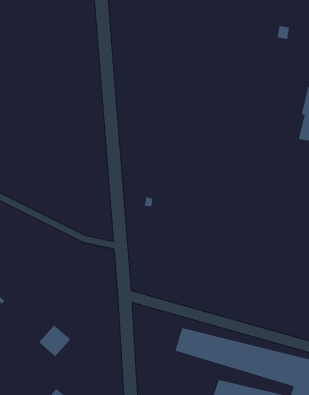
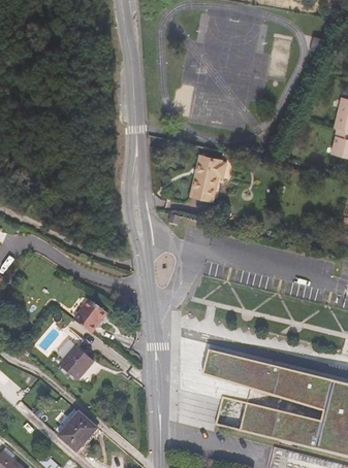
building: none -> [191,154,226,200]
building: none -> [75,301,106,333]

